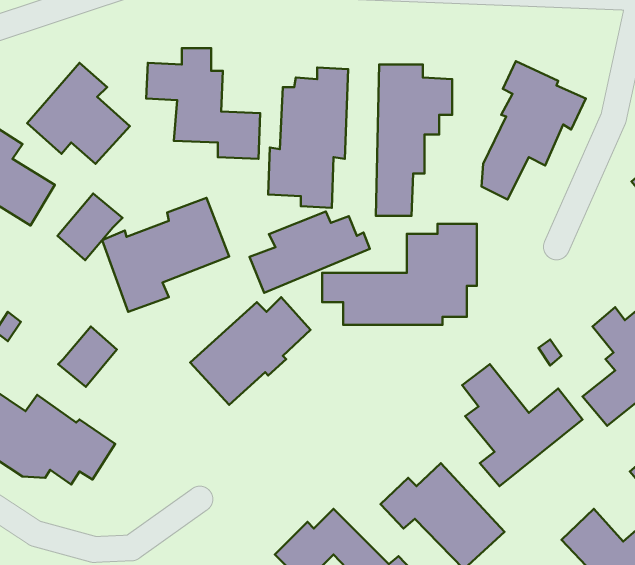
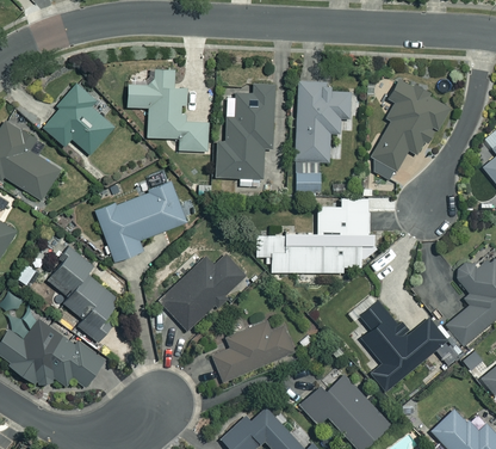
building: [57,193,123,260] -> [45,248,93,297]
building: [249,211,370,293] -> [212,324,300,383]
building: none -> [76,290,118,343]

